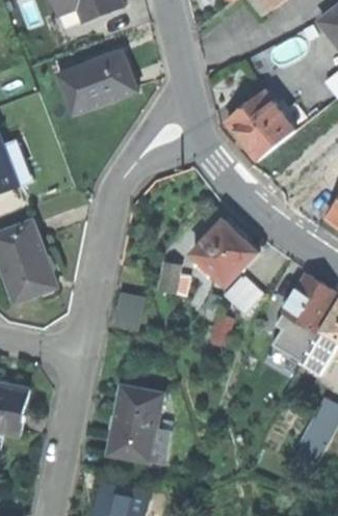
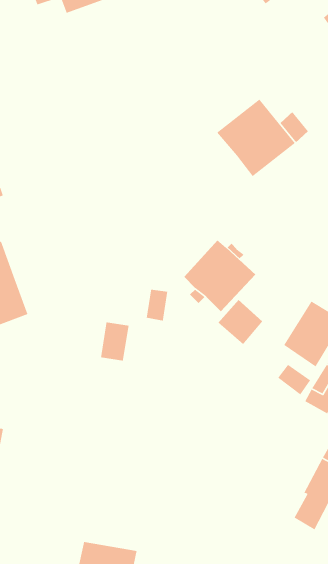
building: [61,52,138,114] -> none
building: [110,387,170,464] -> none

